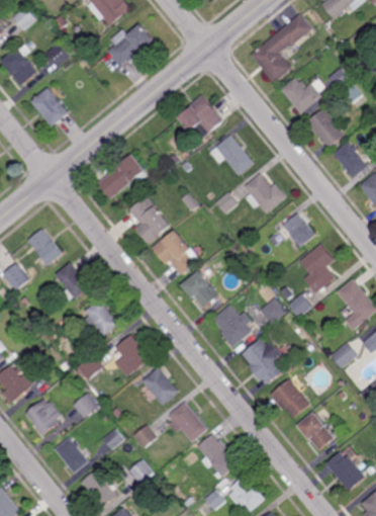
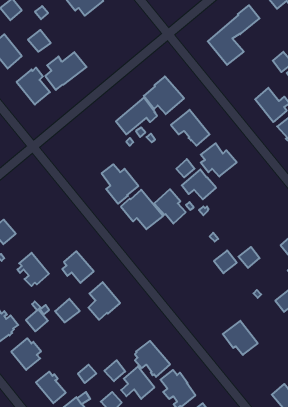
building: [108,25,156,69] -> [45,52,87,90]
building: [281,79,324,115] -> none
building: [100,156,148,198] -> [116,98,157,134]
building: [275,211,314,246] -> [182,169,216,199]
building: [27,228,63,264] -> none
building: [298,243,335,293] -> none
building: [54,261,90,299] -> [17,253,49,286]
building: [181,268,217,308] -> [154,189,186,224]
building: [211,304,252,347] -> none
building: [241,338,281,383] -> none
building: [139,367,178,405] -> [121,366,154,399]
building: [73,383,98,418] -> [26,301,48,331]
building: [295,412,339,450] -> none

